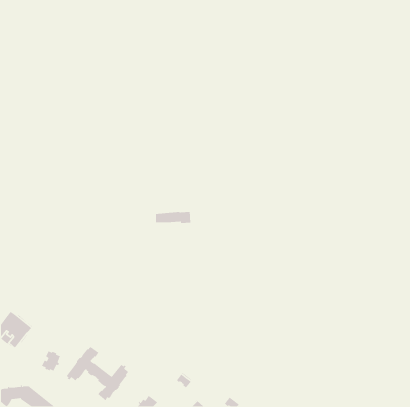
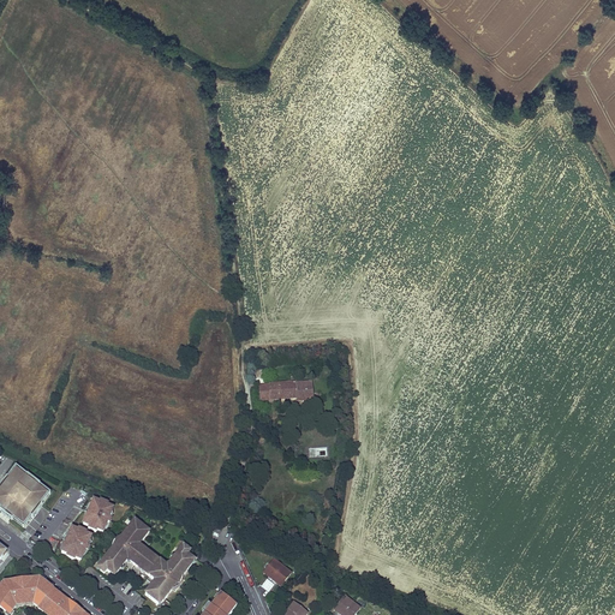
building: [155,211,191,224] -> [259,378,314,398]
building: none -> [83,497,113,530]

